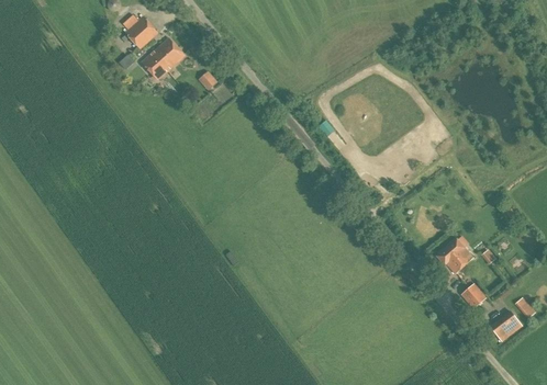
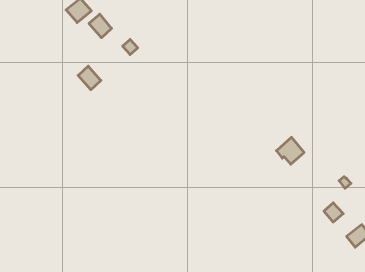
building: [141,49,170,80] -> [78,66,101,90]
building: [436,238,472,273] -> [276,137,304,164]

